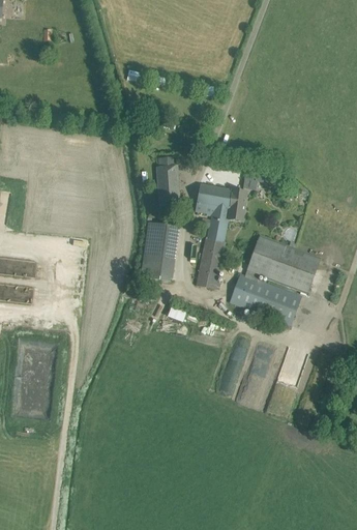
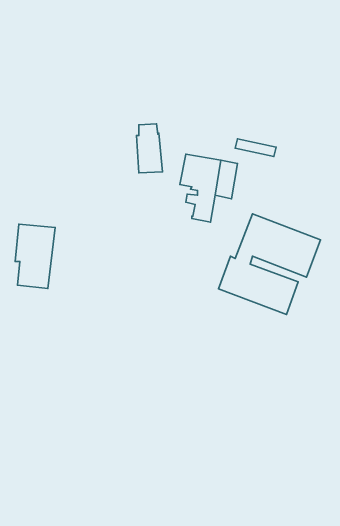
building: [144,222,179,278] -> [15,224,55,289]
building: [196,240,222,289] -> none

